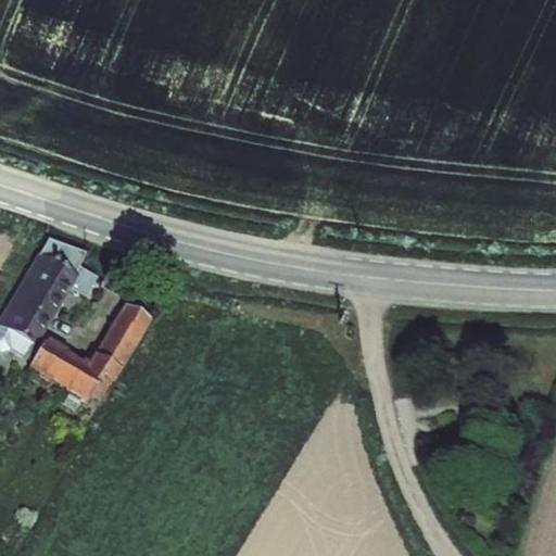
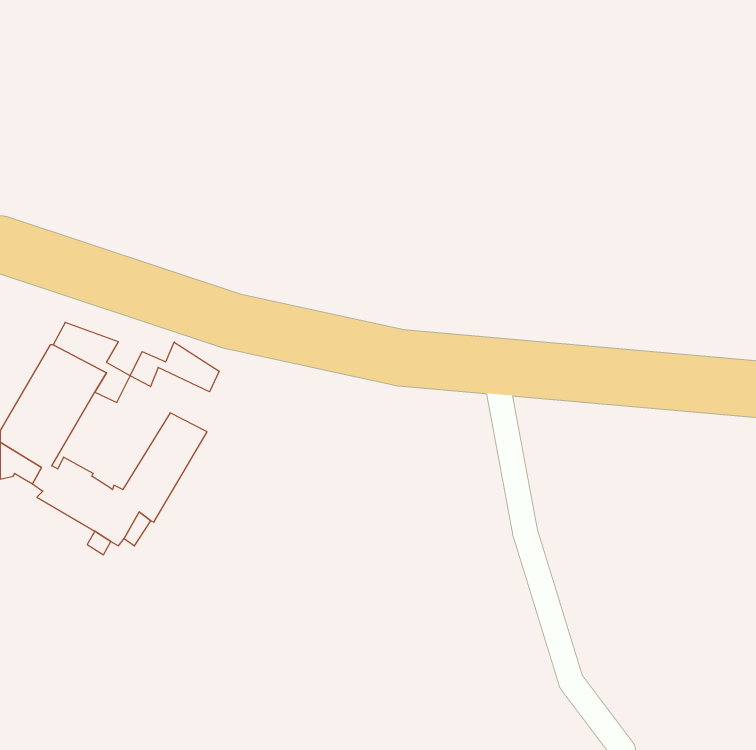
building: none -> [130,342,219,392]

